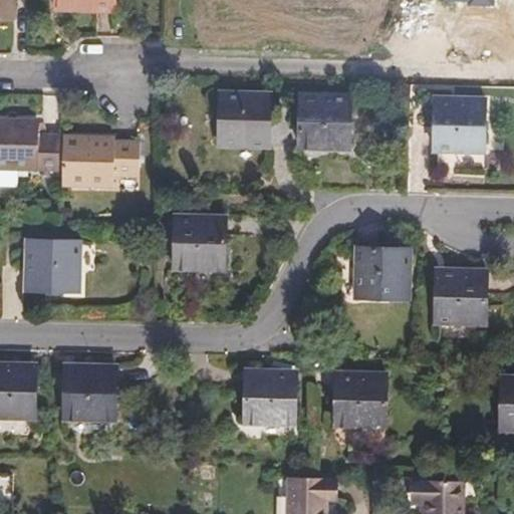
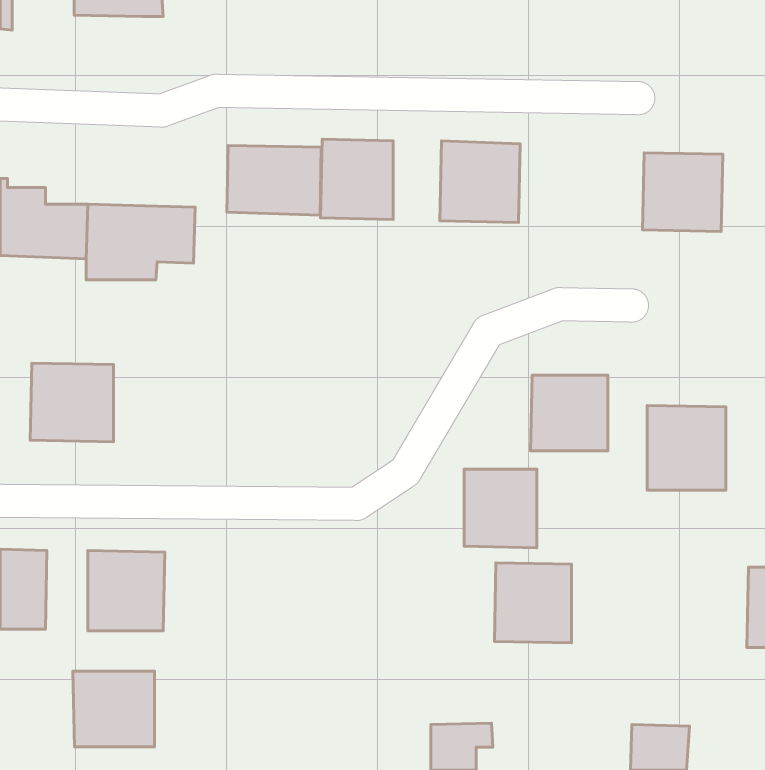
building: none -> [227,145,321,215]
building: [171,227,225,276] -> none
building: [247,371,295,424] -> [464,469,537,548]
building: none -> [73,671,155,747]

